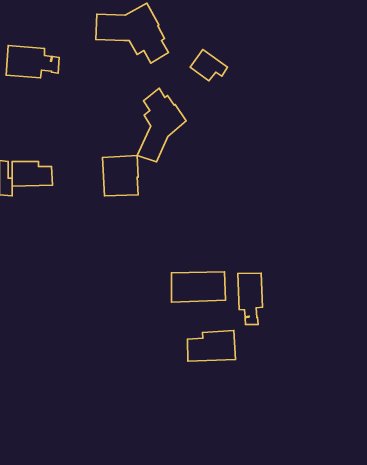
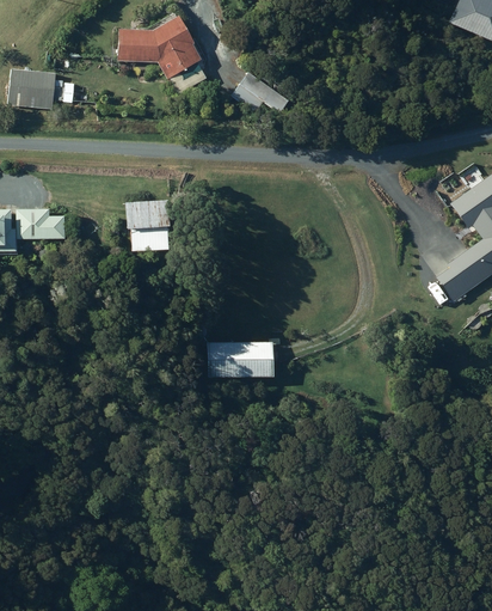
building: [137,88,186,162] -> none
building: [238,273,262,325] -> none
building: [188,331,236,361] -> none

